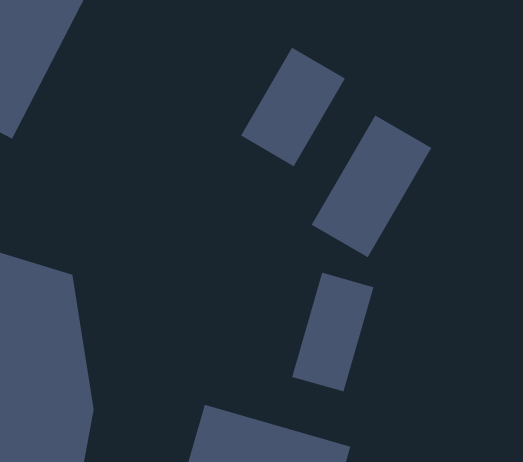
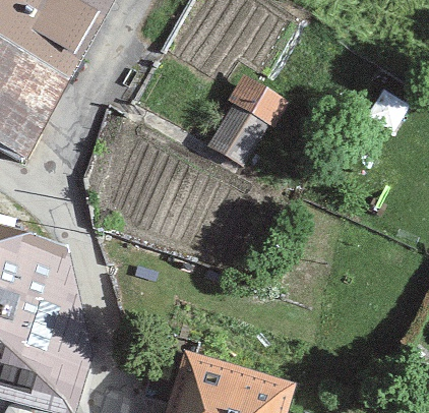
building: [311,115,432,258] -> none
building: [292,272,374,392] -> none

